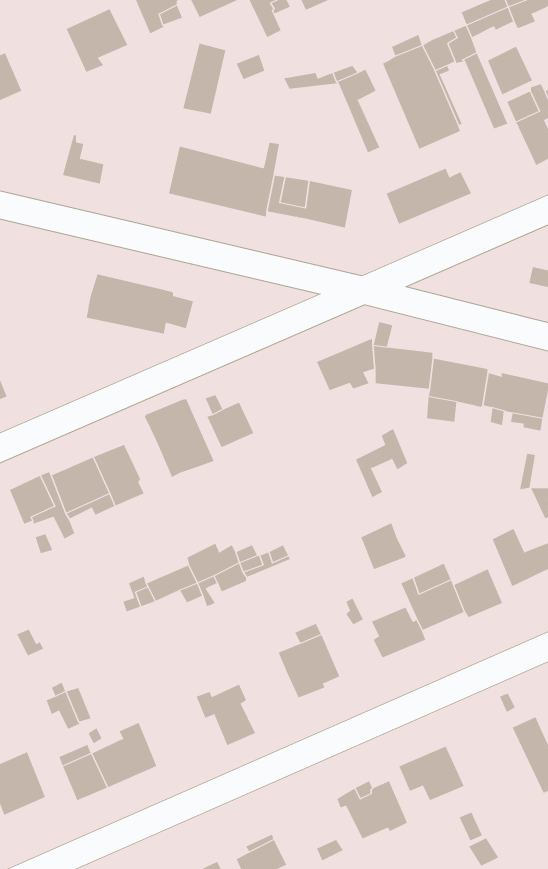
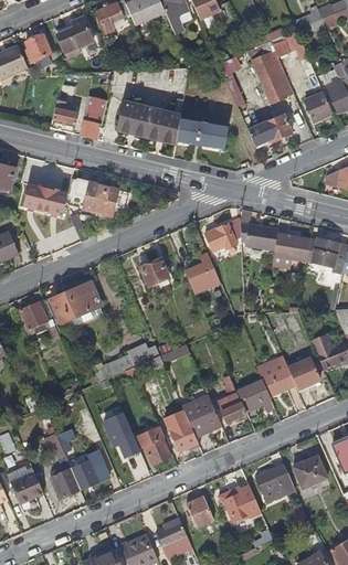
building: none -> [25,33,54,63]
building: [182,43,226,114] -> [80,96,106,139]
building: [487,46,533,95] -> [305,92,333,121]
building: none -> [23,181,68,218]
building: [144,398,215,478] -> none
building: [355,428,408,498] -> [186,254,218,296]
building: [361,522,406,570] -> [218,391,245,419]
building: none -> [104,414,140,458]
building: none -> [169,420,199,452]
building: none -> [293,455,328,487]
building: none -> [186,495,213,526]

